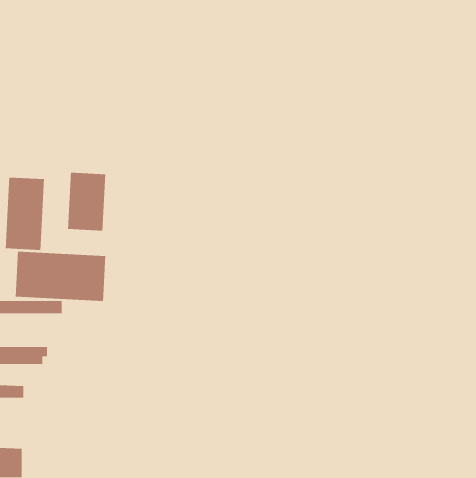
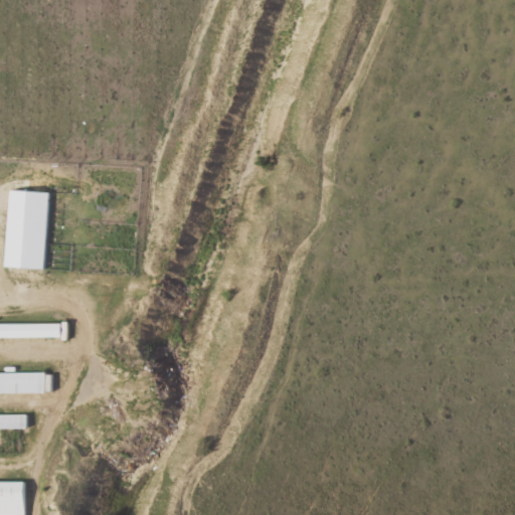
building: [67,172,106,231] -> none
building: [15,251,106,302] -> none

